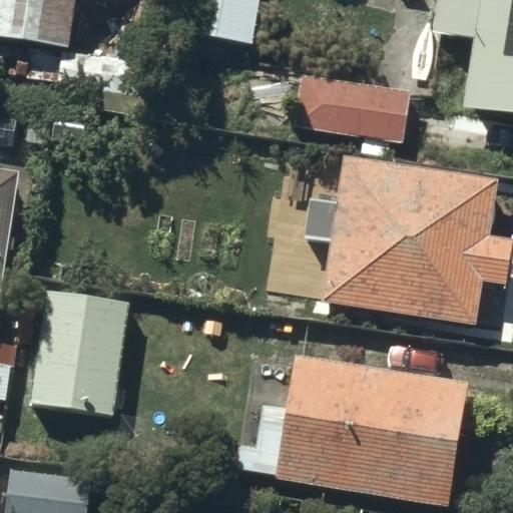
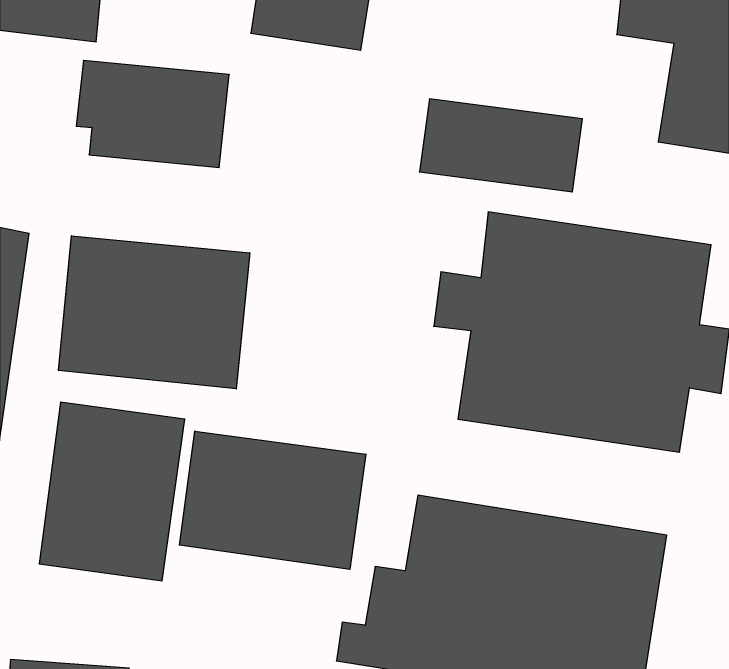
building: none -> [58,236,250,389]
building: none -> [179,431,366,569]

